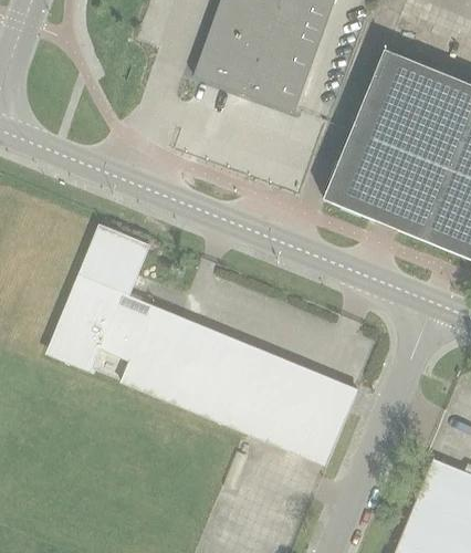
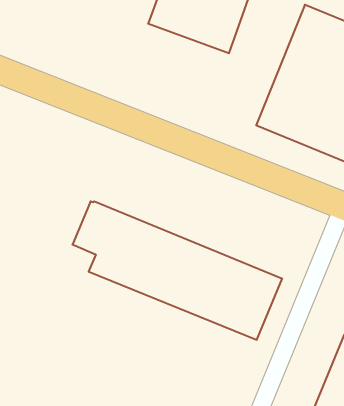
building: [50,228,146,369] -> none

